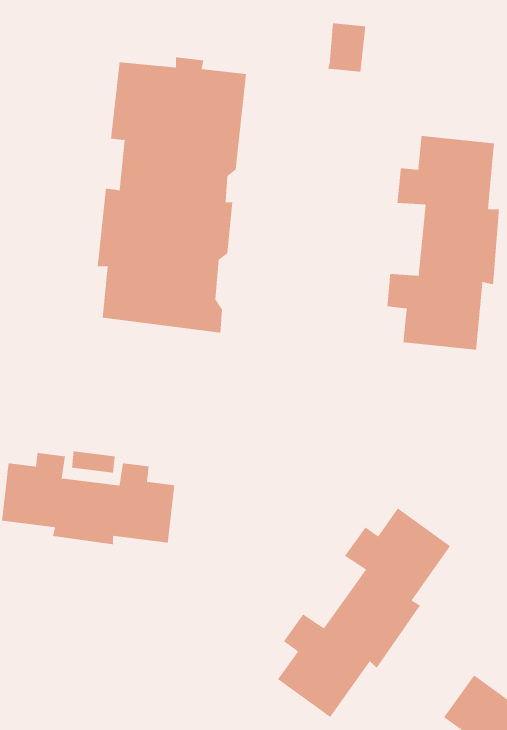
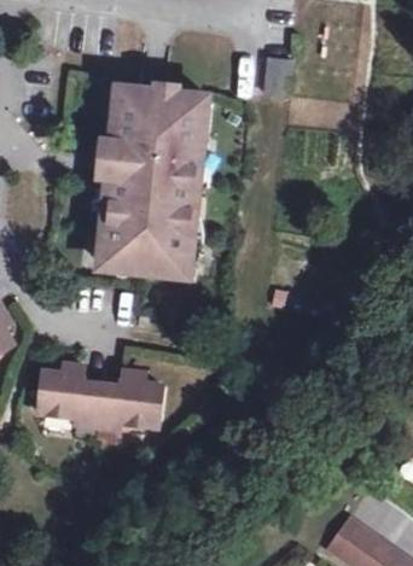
building: [387,135,500,350] -> none
building: [277,508,451,718] -> none

